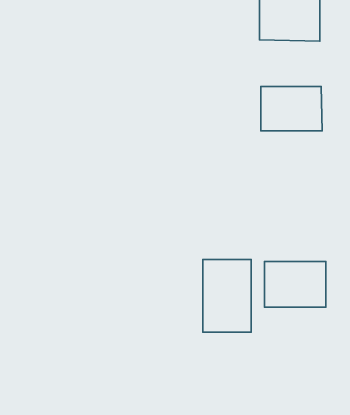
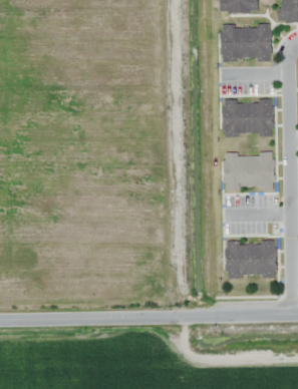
building: none -> [224,152,275,191]
building: [203,260,251,332] -> none

